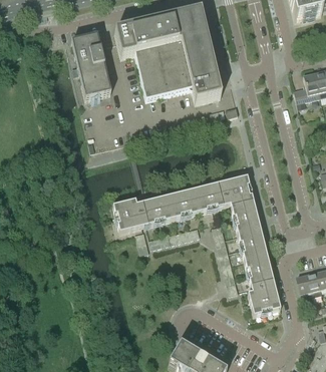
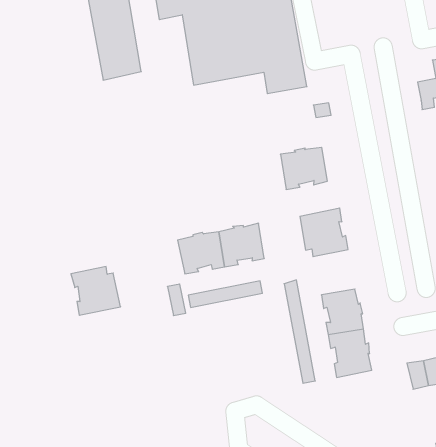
building: [194,182,226,212] -> [280,147,327,189]
building: [112,199,146,232] -> [71,267,121,315]
building: [231,203,260,234] -> none
building: [248,282,280,315] -> none

